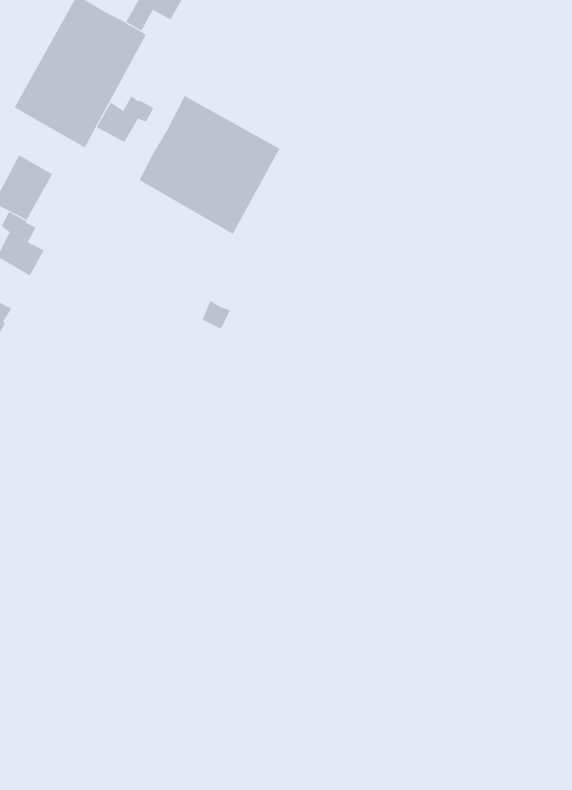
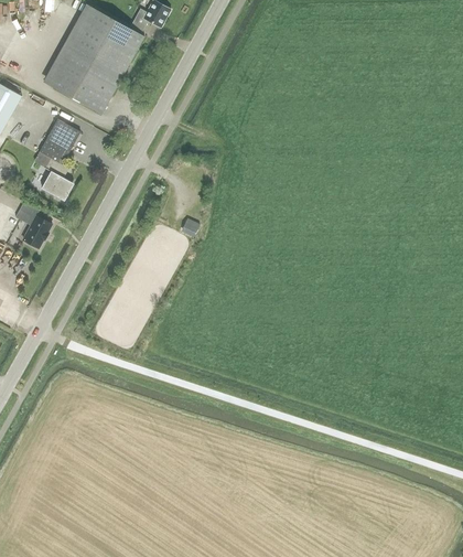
building: [139,95,280,235] -> none
building: [96,96,154,143] -> none

